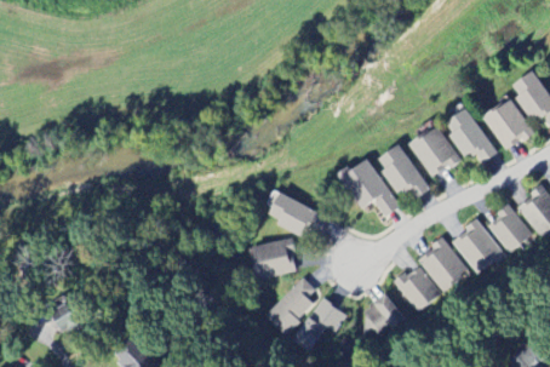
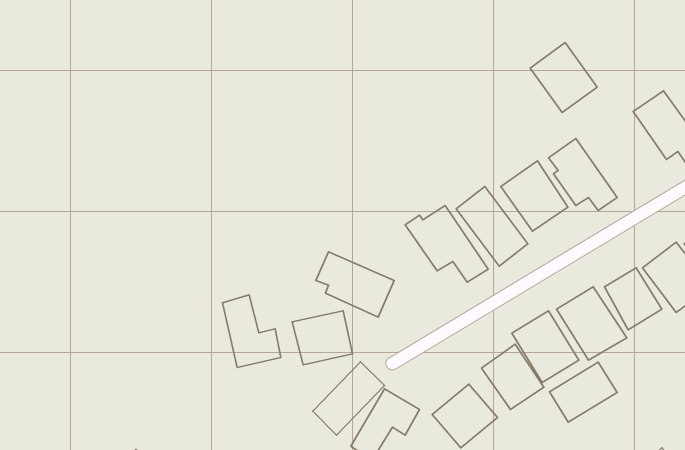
building: [482,97,533,150] -> [530,43,597,113]
building: none -> [223,295,281,368]
building: none -> [549,362,617,422]

